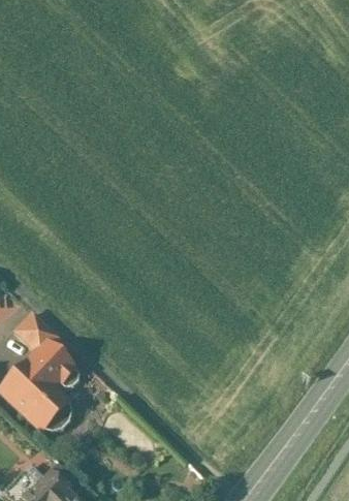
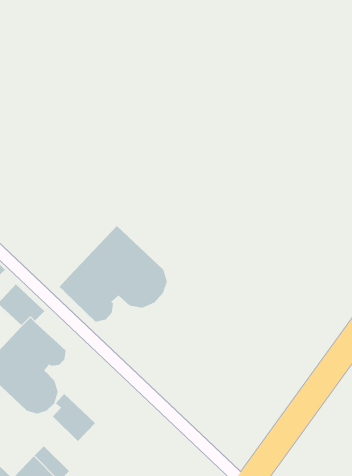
building: none -> [59,225,167,323]
building: none -> [52,393,96,442]

